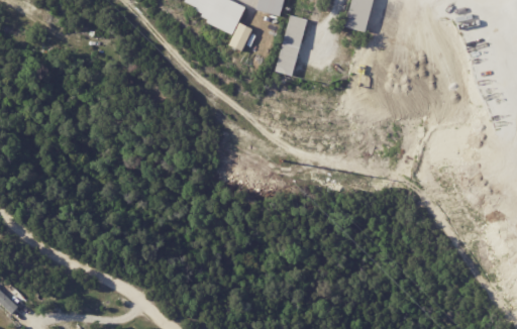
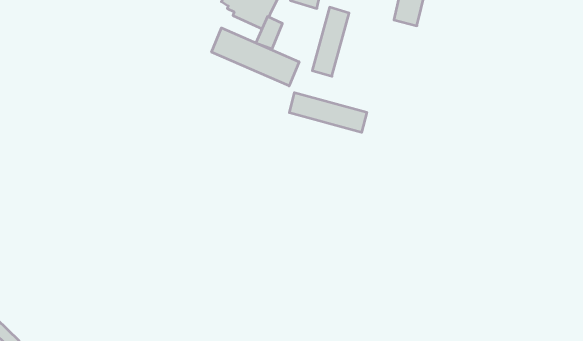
building: none -> [212,28,299,86]
building: none -> [289,93,367,132]

